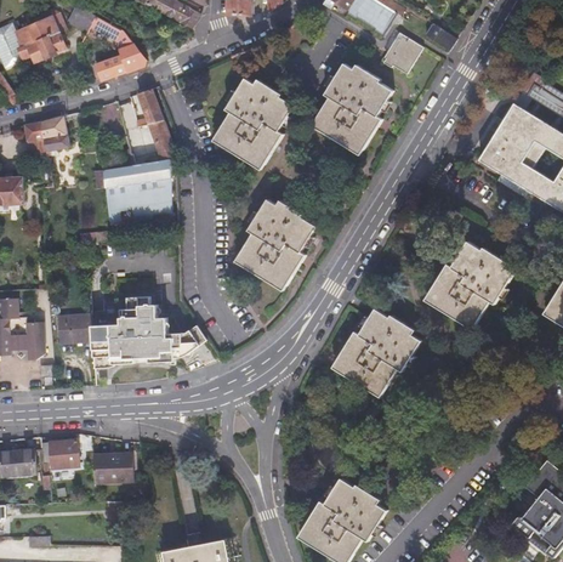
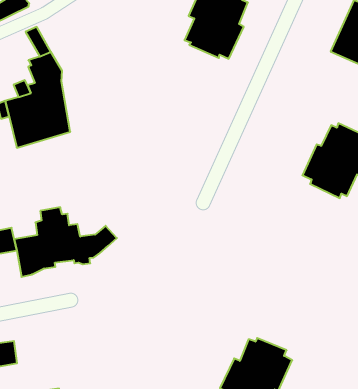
building: [215,81,292,169] -> none
building: [239,203,317,289] -> none
building: [335,316,422,398] -> none
building: [91,455,130,482] -> none

